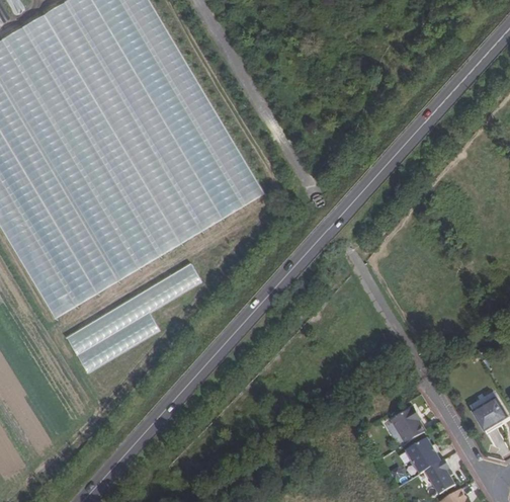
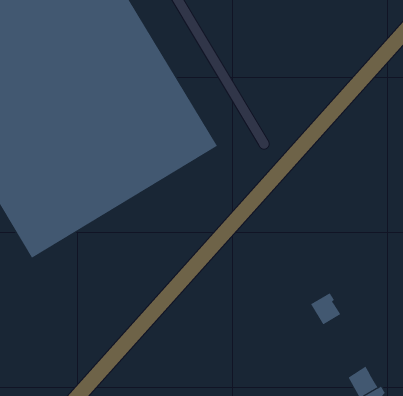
building: [65,263,201,372] -> none
building: [392,407,426,443] -> [310,293,341,325]

